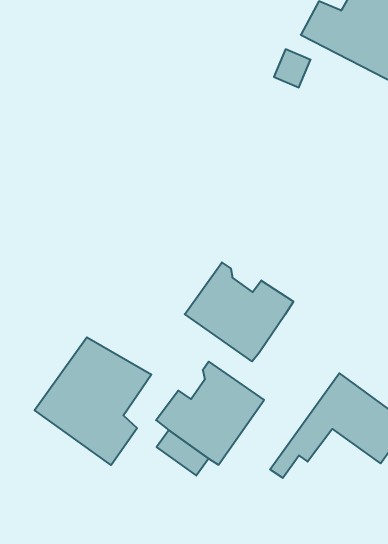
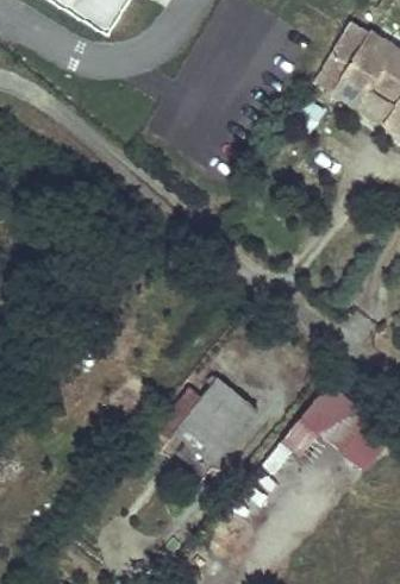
building: [185,262,293,361] -> none
building: [35,337,151,465] -> none

